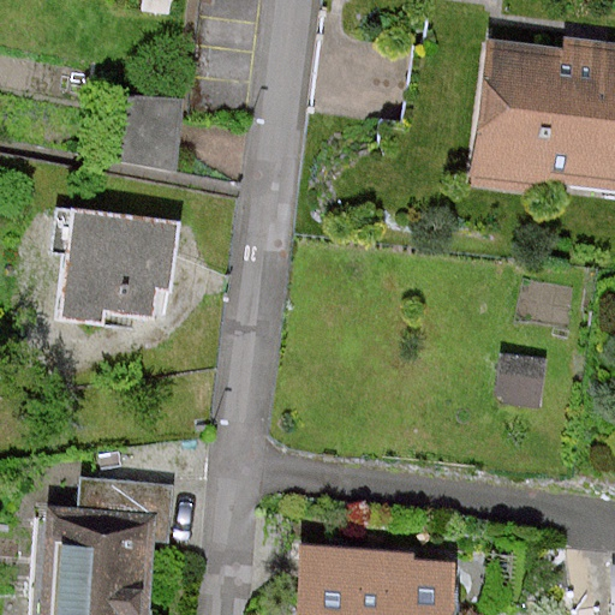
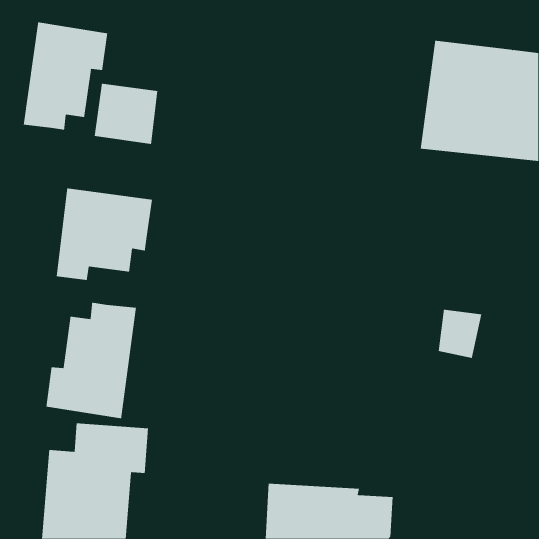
building: none -> [23,21,108,130]
building: none -> [46,302,136,419]

